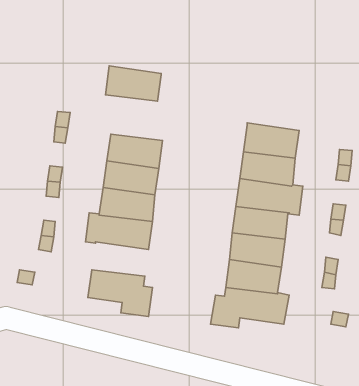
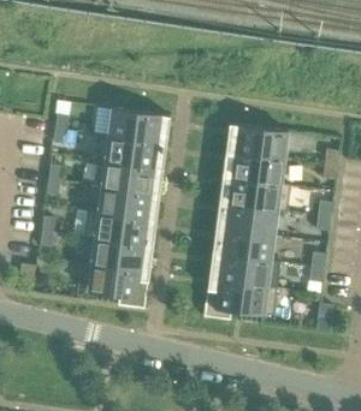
building: [106,66,161,101] -> [108,107,161,141]
building: none -> [90,237,144,269]

